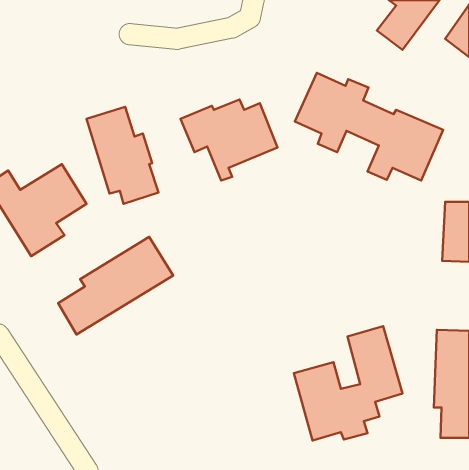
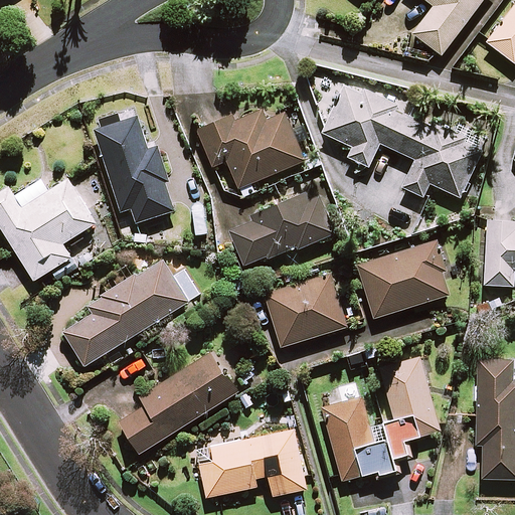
building: none -> [229,189,337,266]
building: none -> [357,241,451,319]
building: none -> [264,275,346,347]
building: none -> [120,351,236,454]
building: none -> [198,431,305,498]

